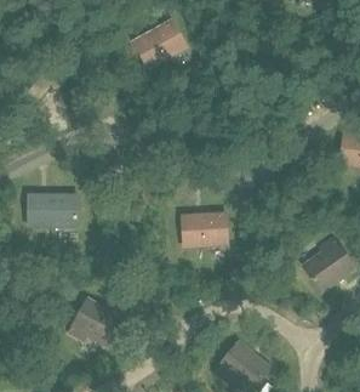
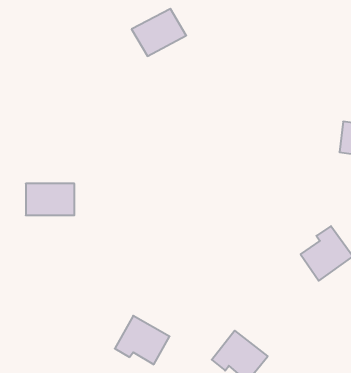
building: [184,212,228,245] -> none
building: [69,297,124,346] -> [115,316,170,364]

